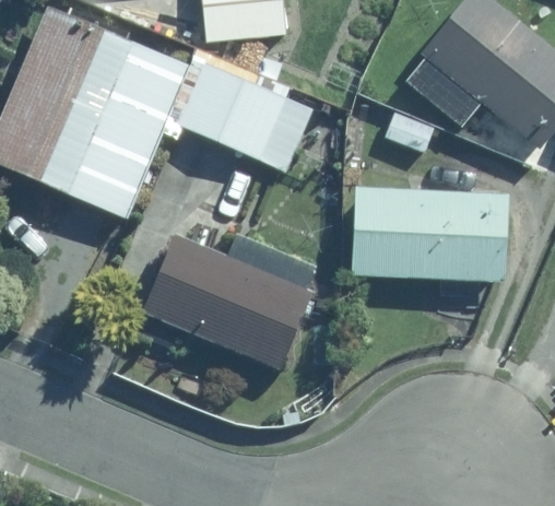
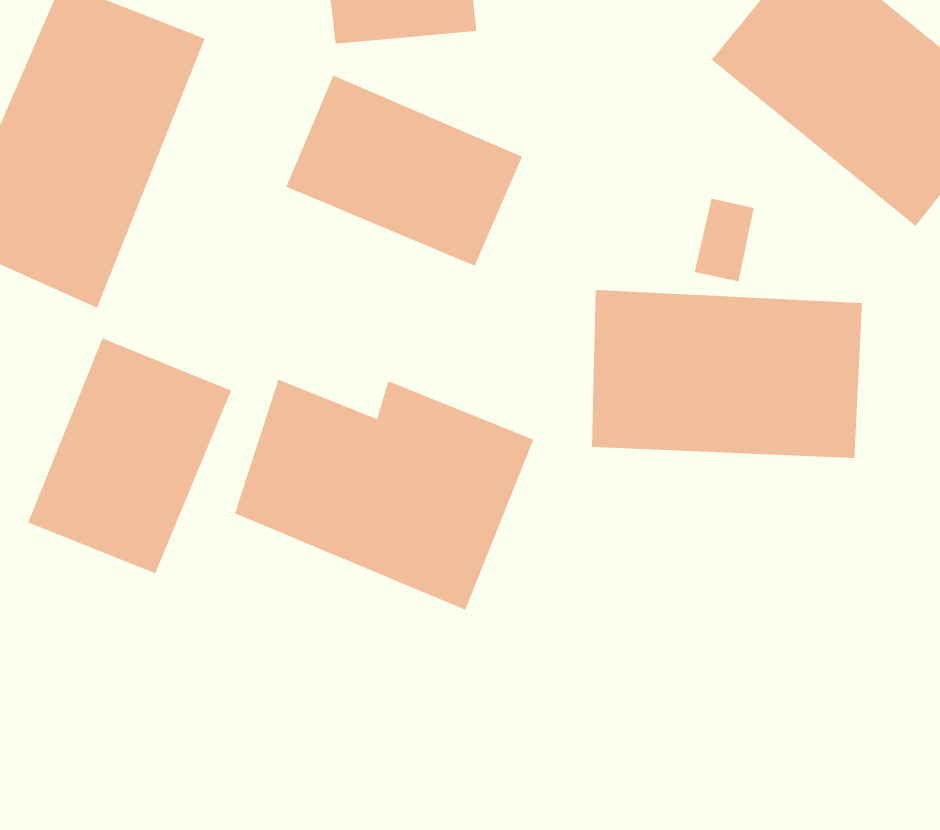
building: [68,40,187,221] -> none
building: none -> [28,337,232,574]

